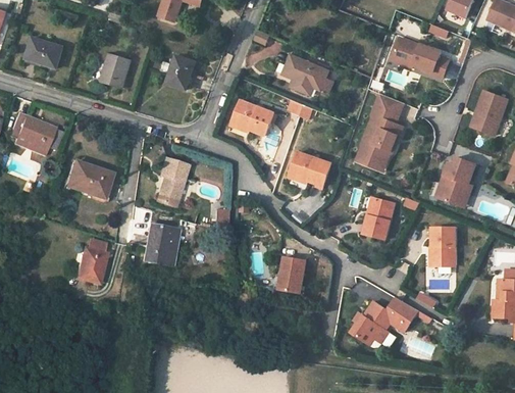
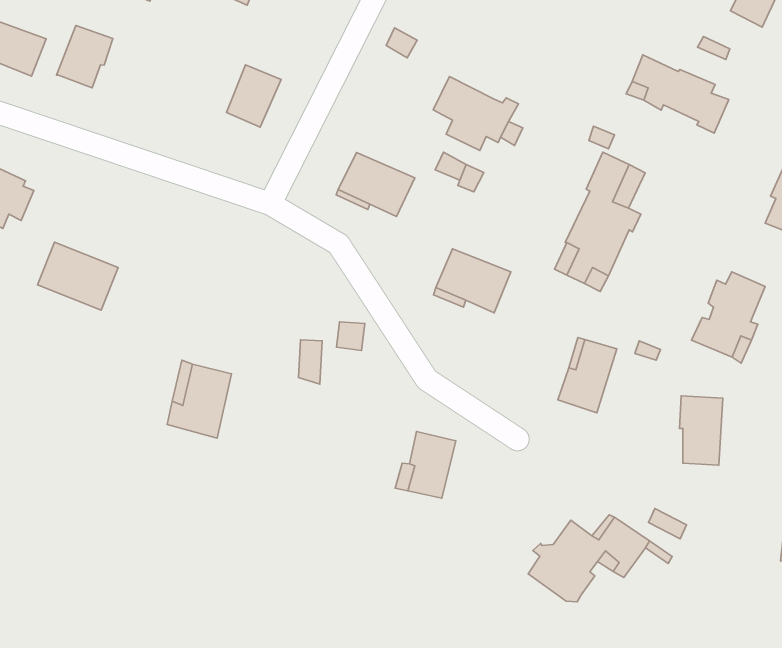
building: [100,53,131,88] -> [57,25,113,88]
building: [155,158,188,207] -> none
building: [76,239,105,283] -> none

